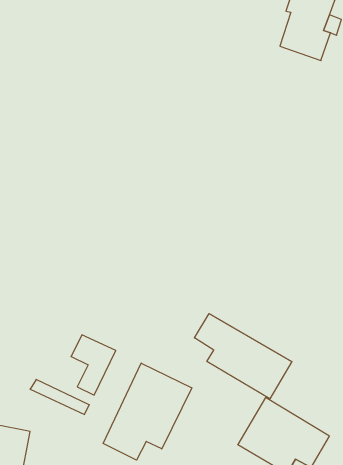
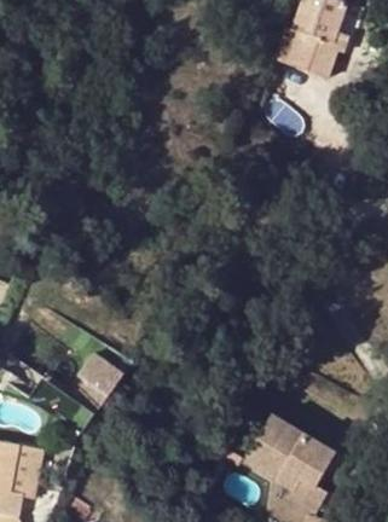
building: [194,314,292,399] -> none
building: [103,363,192,460] -> none

